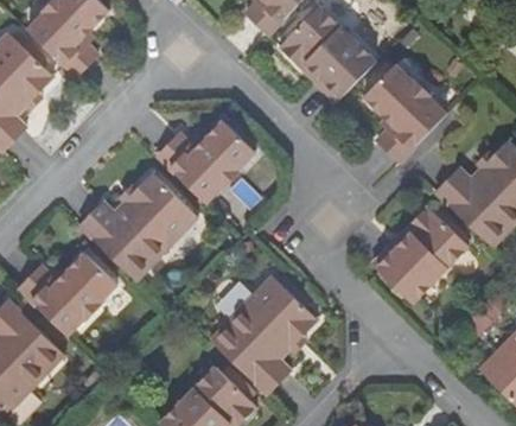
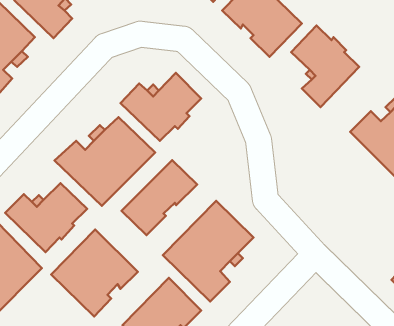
building: [370,205,466,301] -> none
building: none -> [122,160,197,235]
building: none -> [51,230,138,317]

